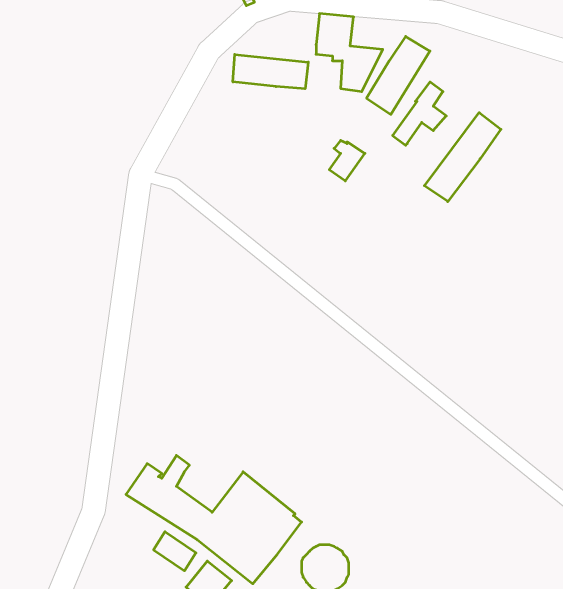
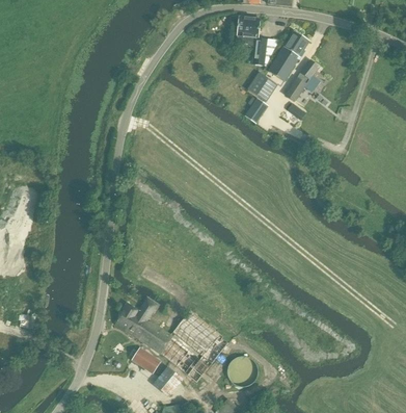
building: [233,54,308,89] -> none
building: none -> [246,72,275,102]
building: [424,113,501,202] -> none

